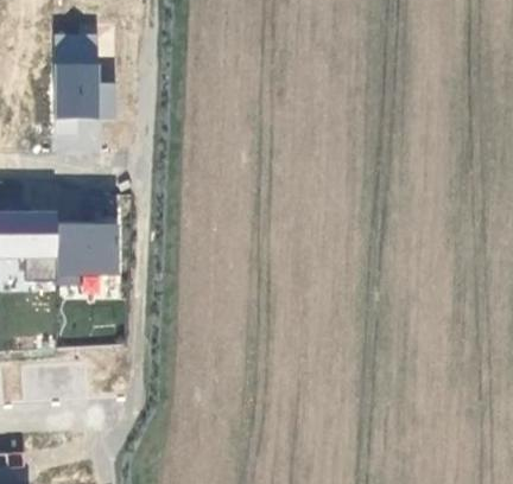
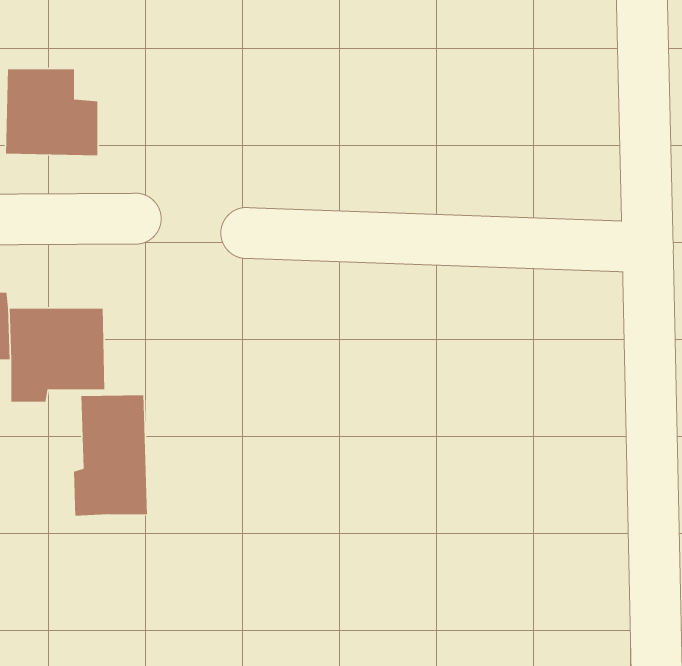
building: none -> [73,394,148,517]

